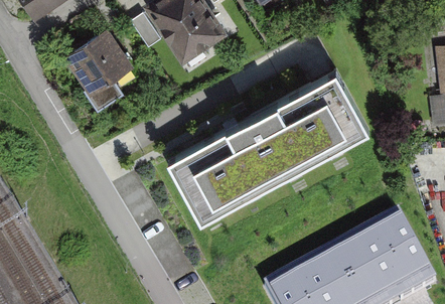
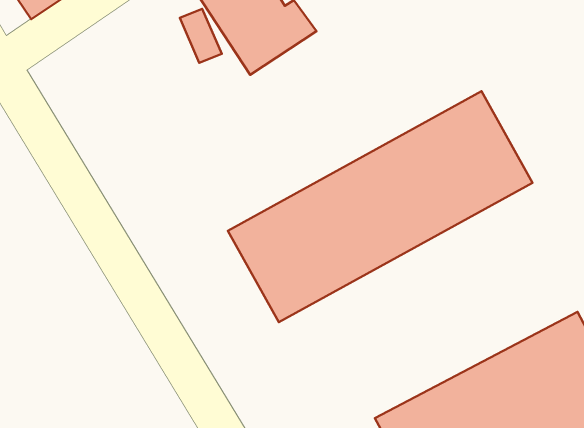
building: [62,29,134,114] -> none

